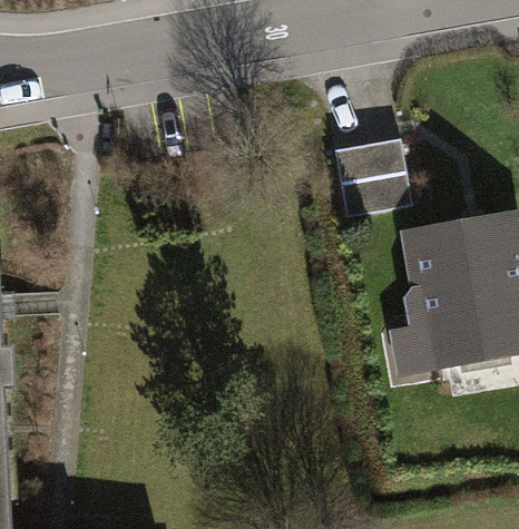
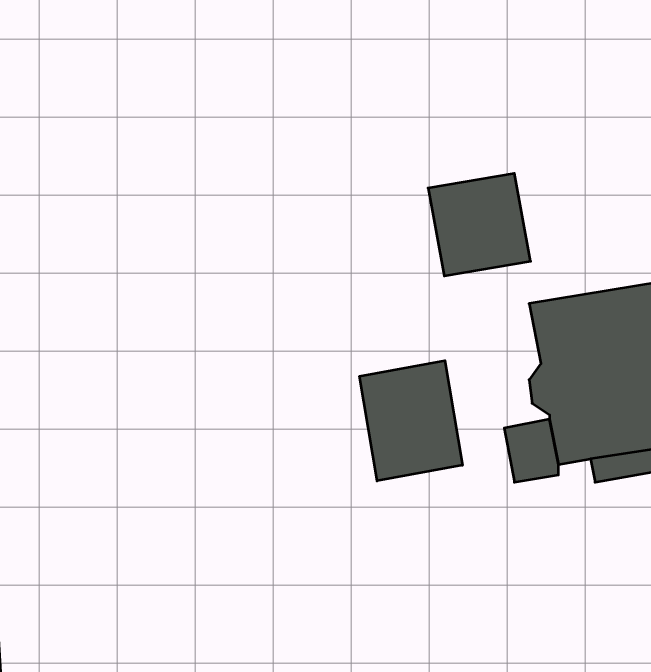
building: none -> [360,361,462,481]

